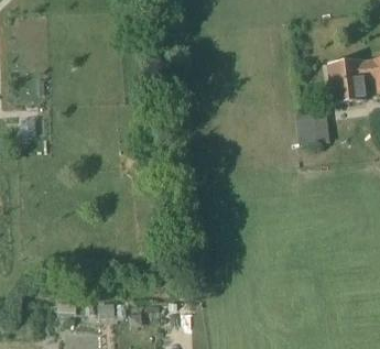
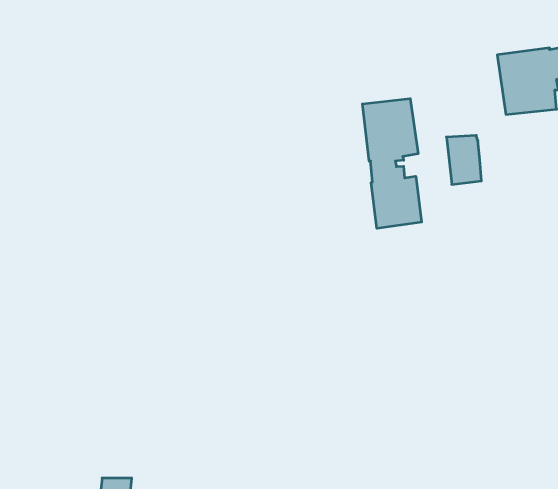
building: none -> [362,99,422,228]

